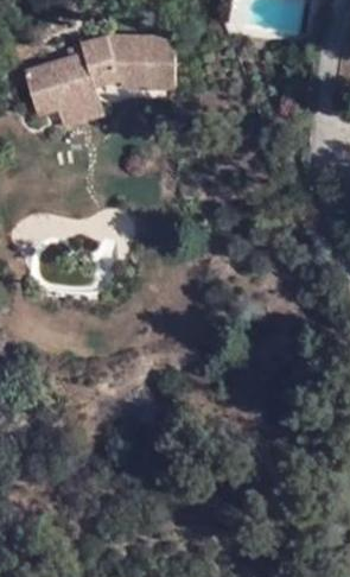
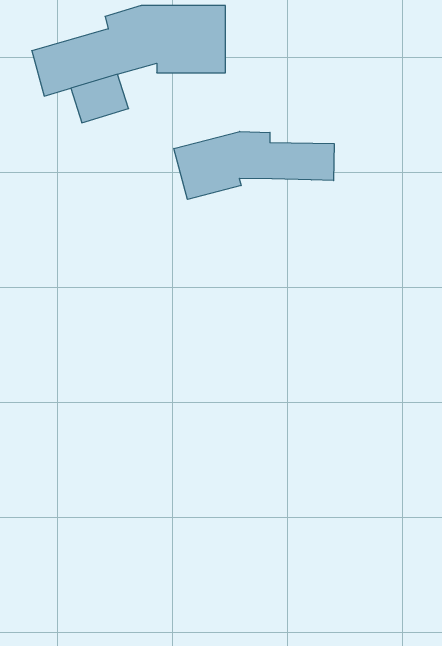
building: none -> [174,131,334,199]

